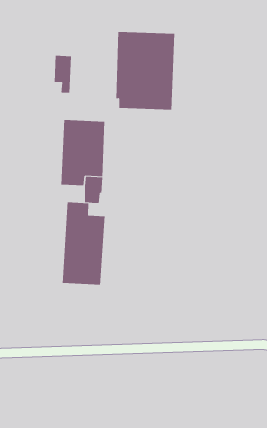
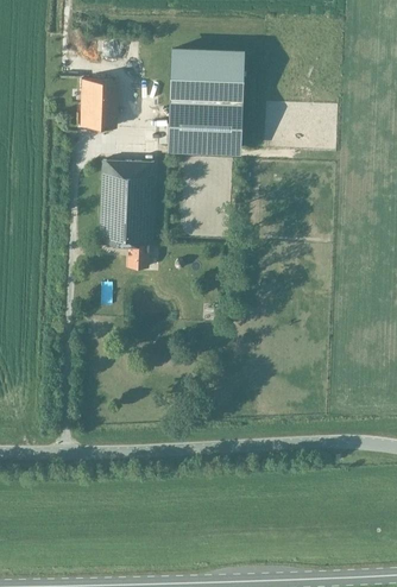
building: none -> [81,81,101,128]
building: [62,202,105,286] -> none

